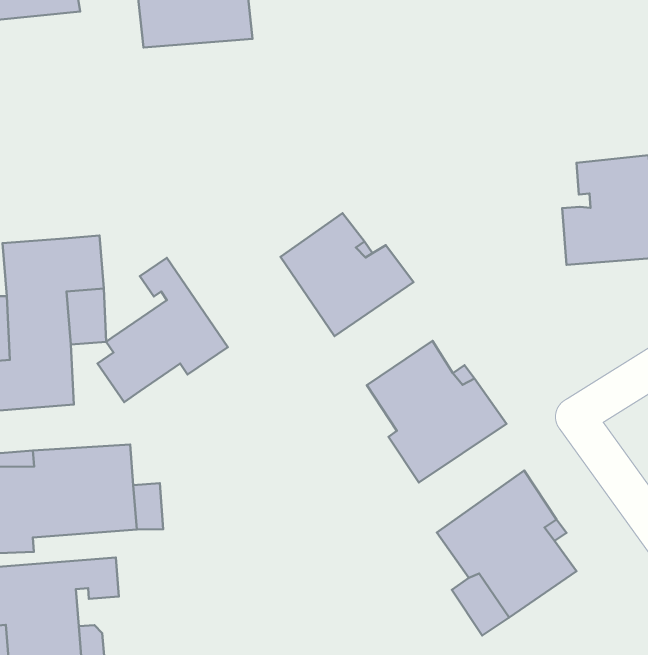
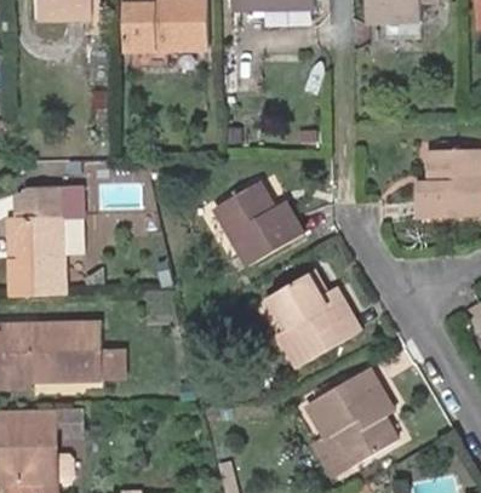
building: [98,258,228,402] -> none

